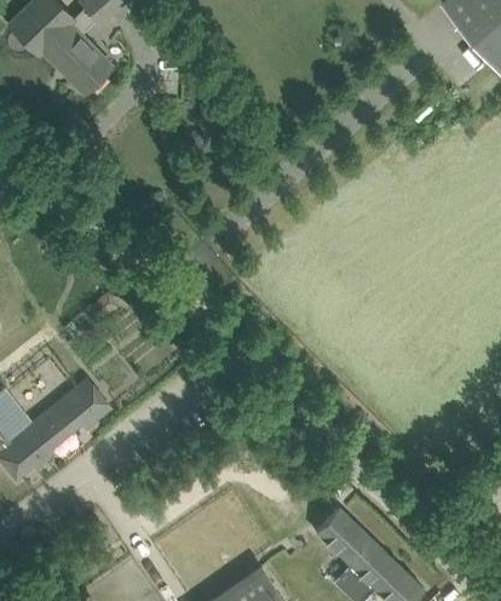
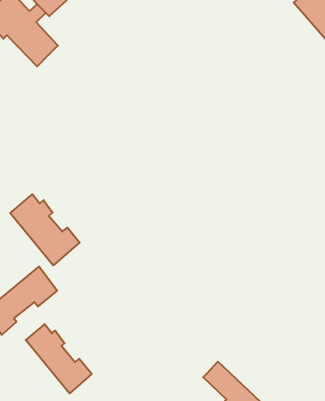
building: none -> [10,194,80,265]
building: none -> [26,324,92,393]

